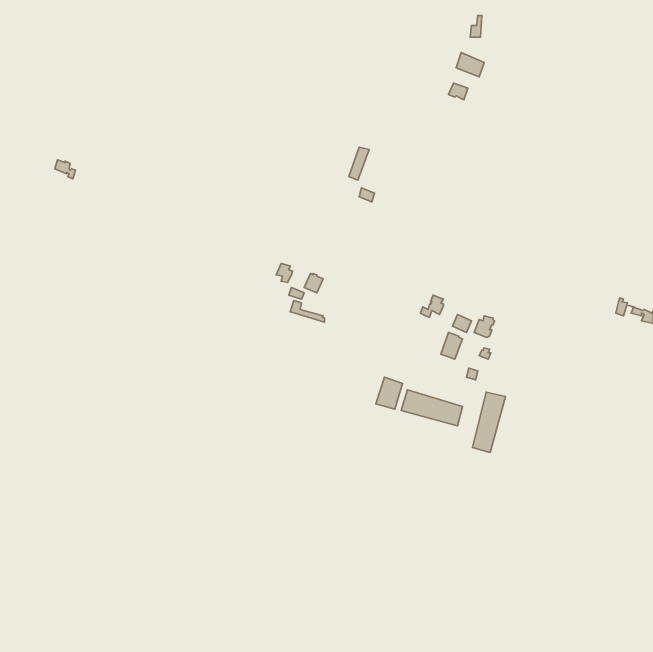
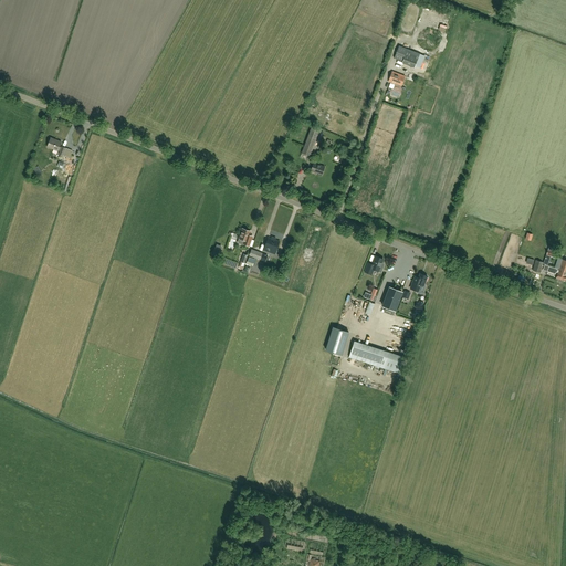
building: [472,392,505,452] -> none

